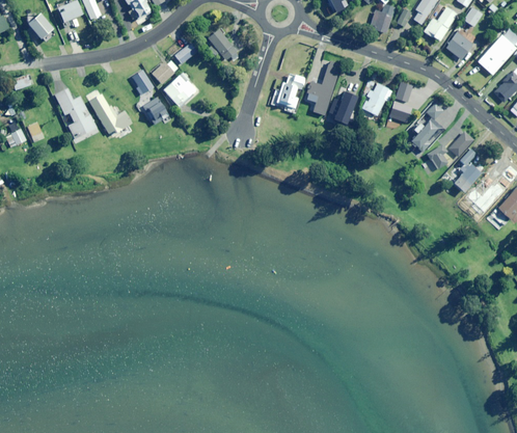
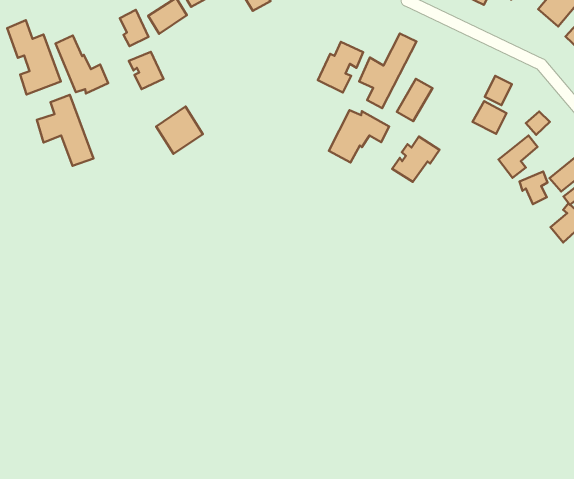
building: [164,73,197,107] -> [156,107,203,154]
building: [362,83,393,115] -> [392,137,439,182]
building: none -> [329,110,389,163]
building: none -> [37,95,93,166]

